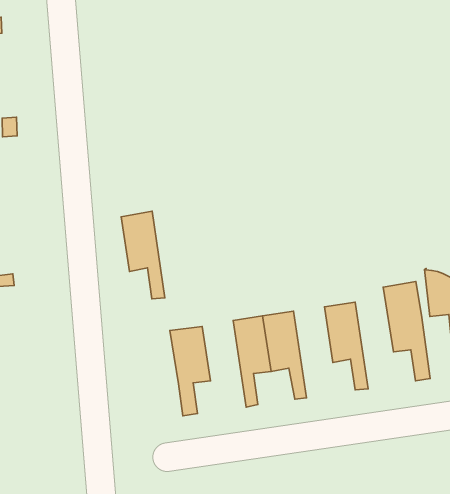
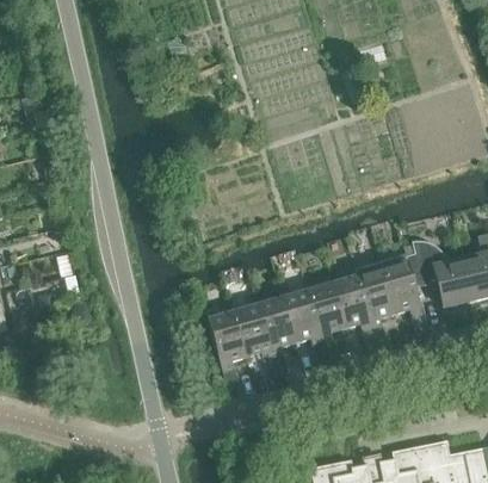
building: [121,211,165,299] -> [234,305,279,378]
building: none -> [354,261,395,347]
building: none -> [308,284,346,361]

